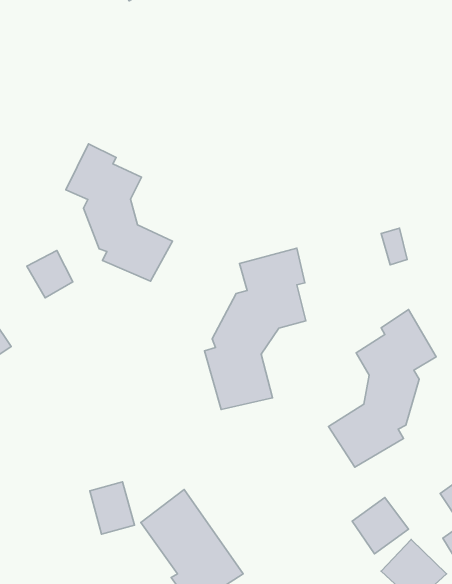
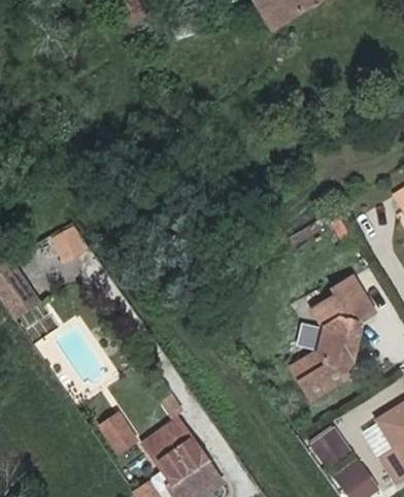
building: [66,144,173,281] -> none
building: [204,248,306,409] -> none

